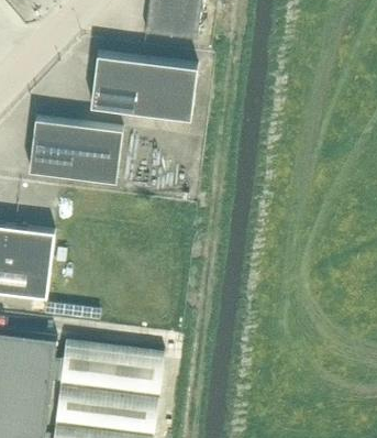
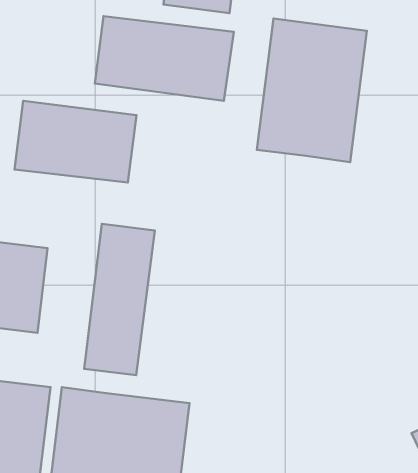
building: none -> [257,19,367,162]
building: none -> [84,224,155,375]

